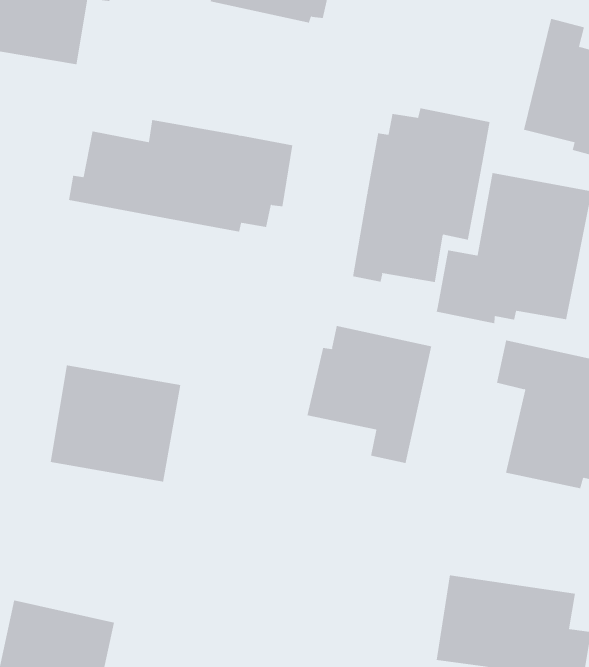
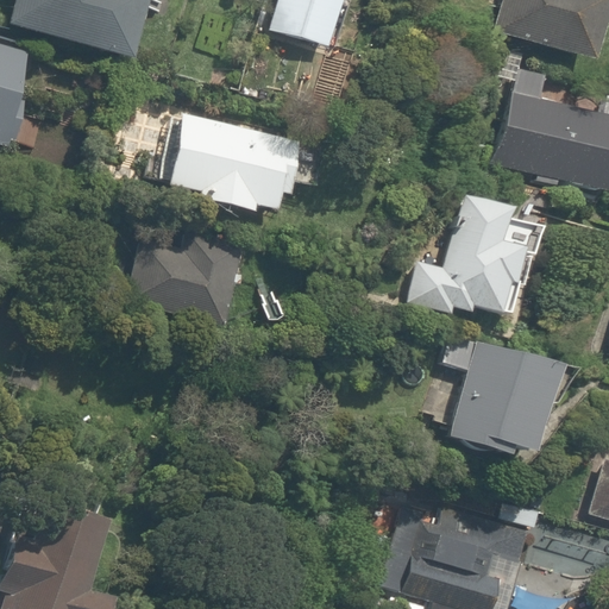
building: [352,108,490,283] -> none
building: [307,325,432,464] -> none
building: [50,365,181,482] -> [134,219,250,325]

